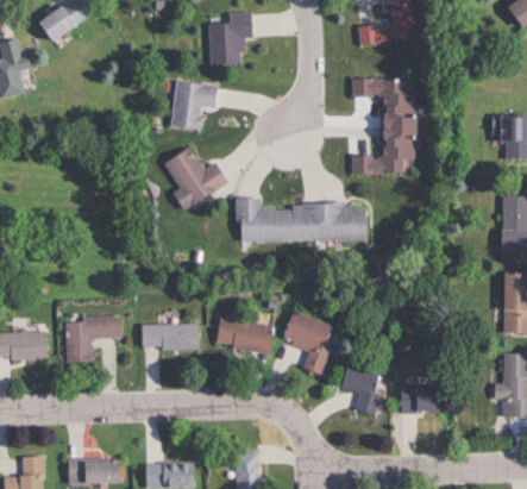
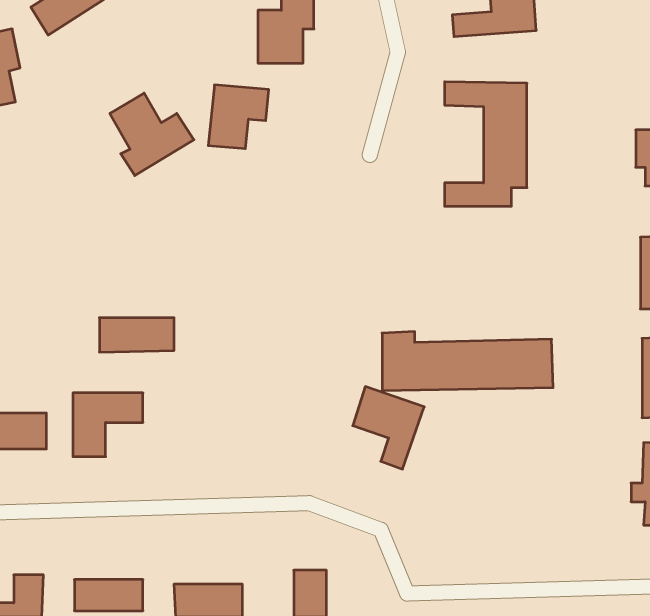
building: [164,146,228,209] -> [110,93,194,176]
building: [237,198,368,243] -> [382,332,553,391]
building: [215,319,272,352] -> none
building: [142,325,199,351] -> [99,318,174,352]
building: [339,364,385,415] -> none
building: [401,387,439,414] -> none

